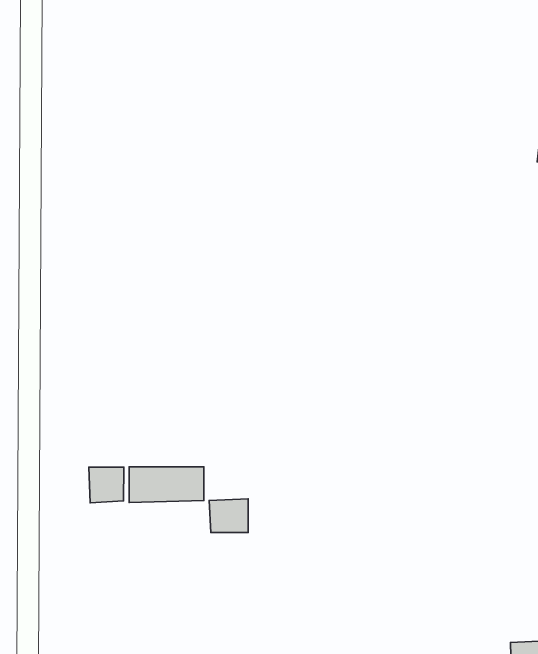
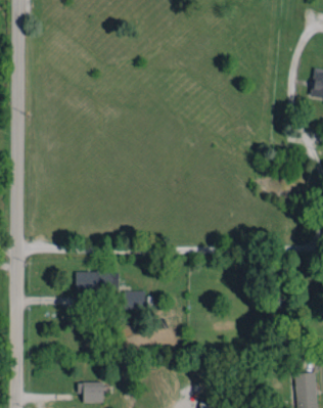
building: [89,467,124,503] -> none

